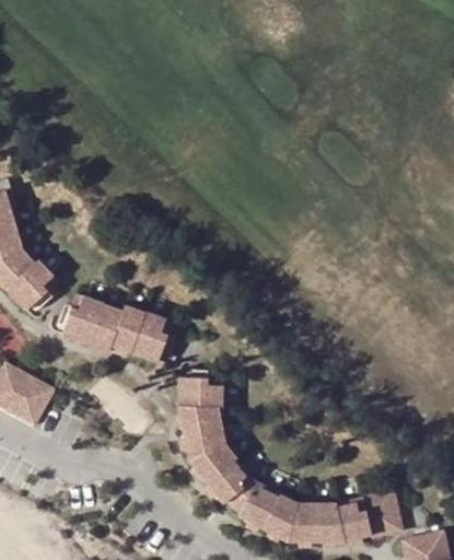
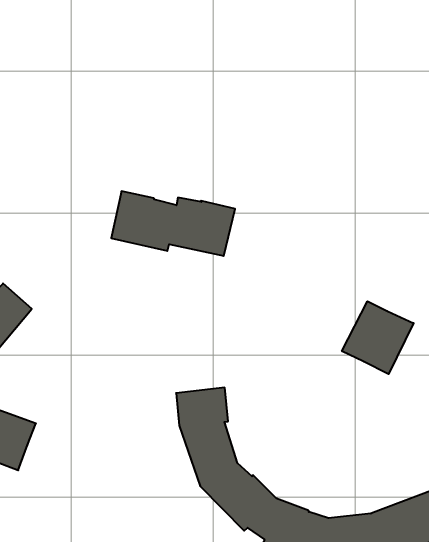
building: [66,296,176,364] -> [111,191,235,256]
building: none -> [342,301,414,374]

